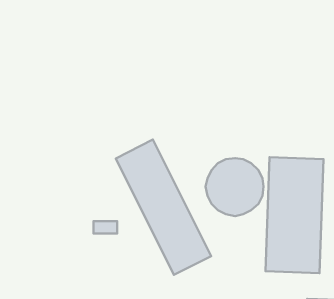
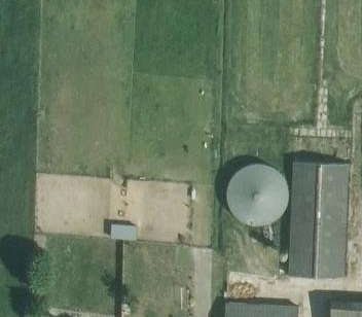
building: [116,140,211,275] -> none

